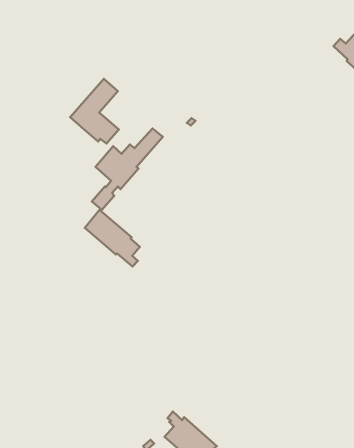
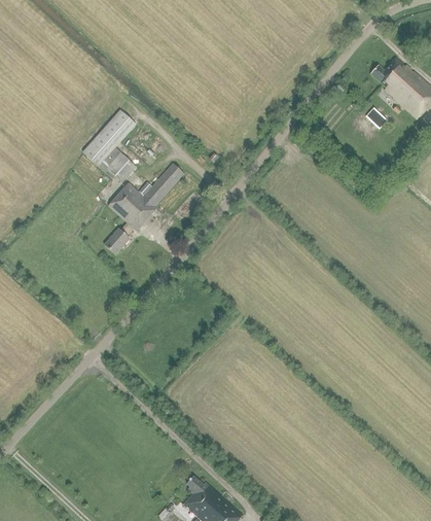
building: [85,210,140,267] -> none

